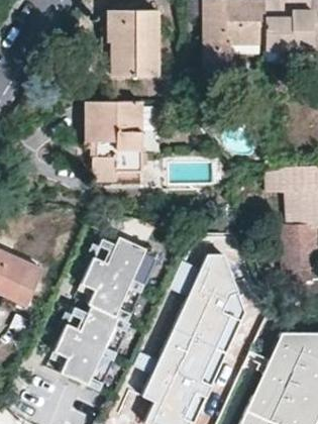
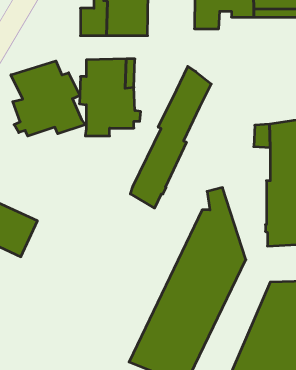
building: none -> [11,61,85,136]
building: none -> [130,66,211,208]
building: [49,238,155,389] -> none

